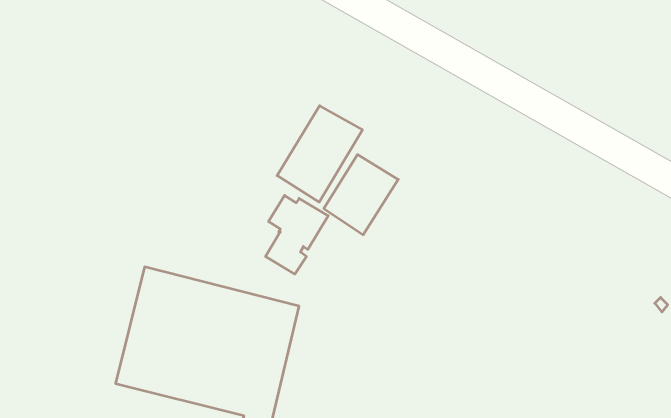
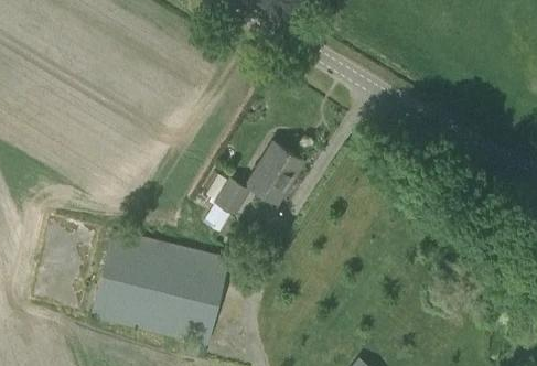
building: [277,106,362,202] -> none

